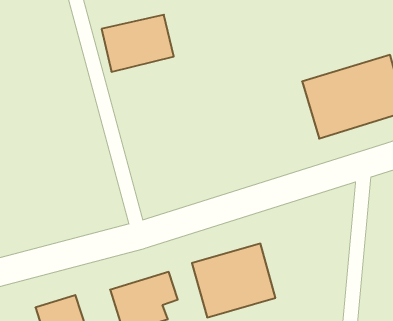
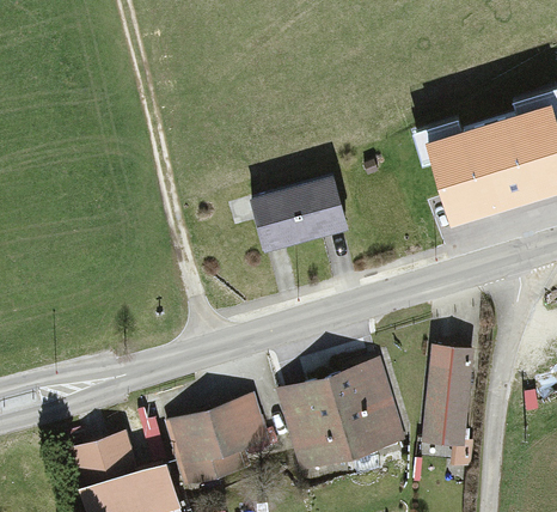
building: [102,15,174,72] -> [244,170,341,246]
building: none -> [423,346,472,444]

